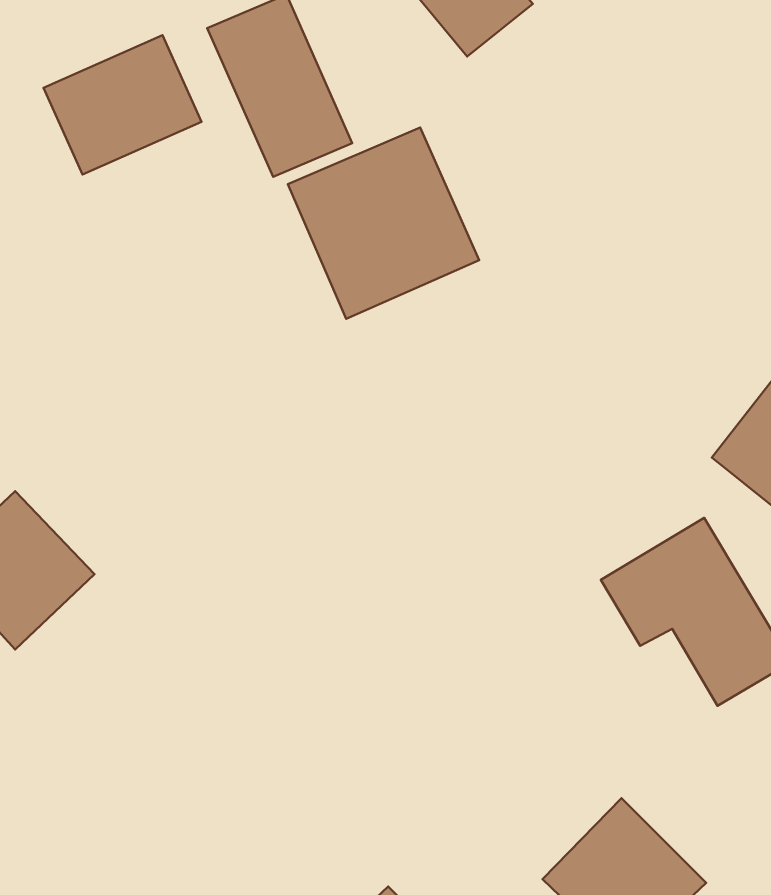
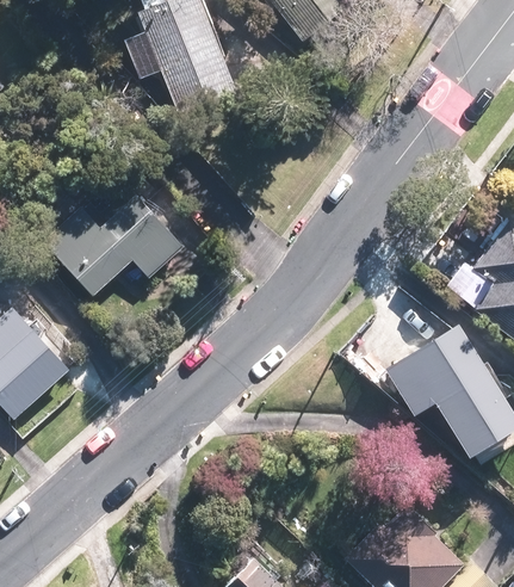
building: [43,35,202,174] -> none
building: [288,127,479,319] -> none
building: none -> [50,194,186,292]

